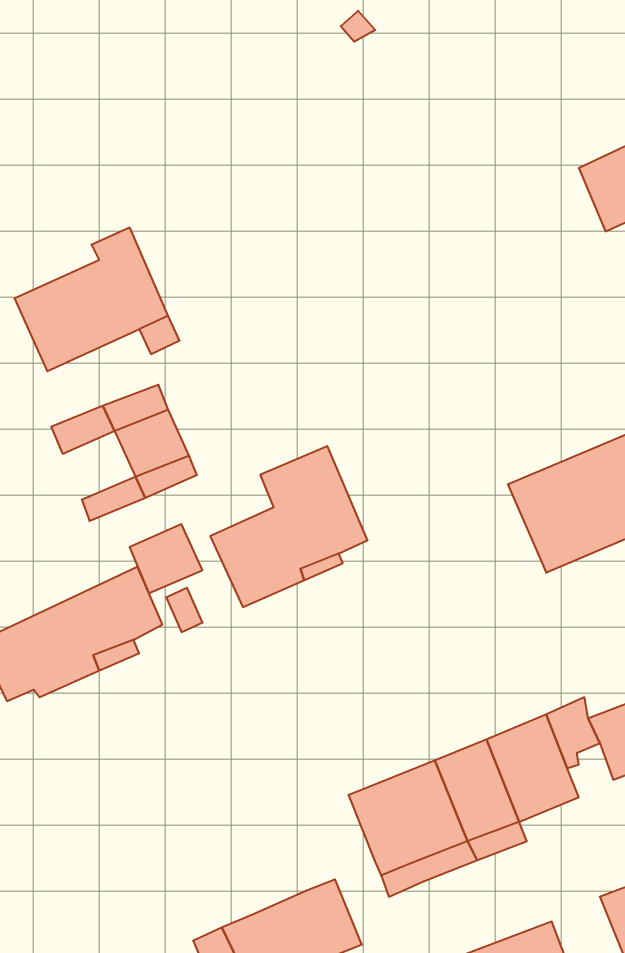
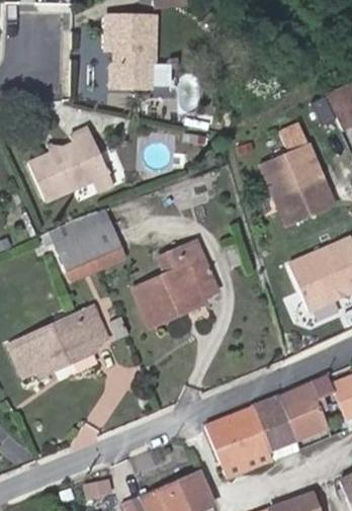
building: none -> [106,16,154,88]
building: none -> [261,141,334,224]
building: [130,524,202,593] -> [55,233,93,269]

